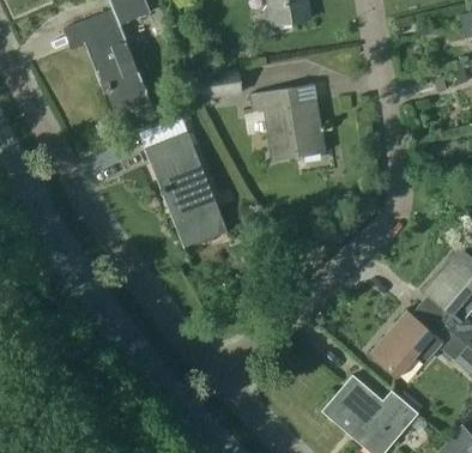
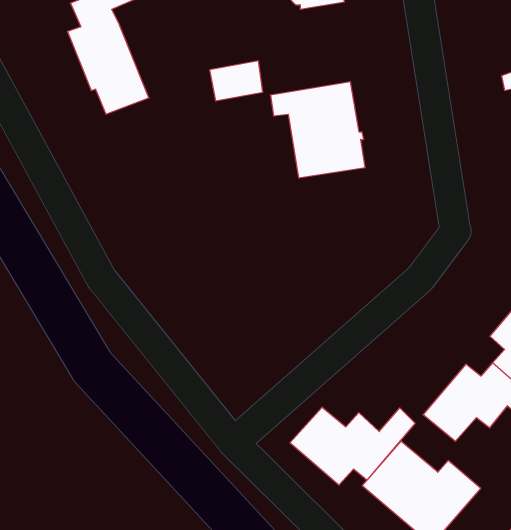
building: [145,131,225,246] -> none
building: none -> [290,407,415,485]

